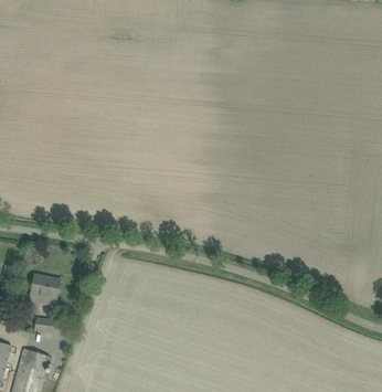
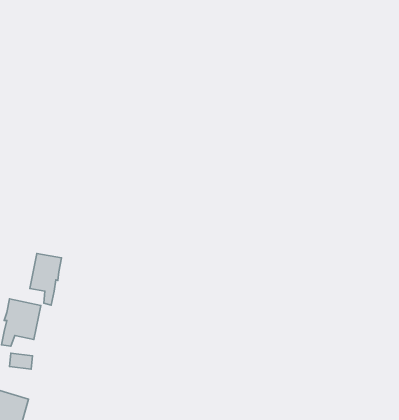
building: none -> [30,253,62,305]

